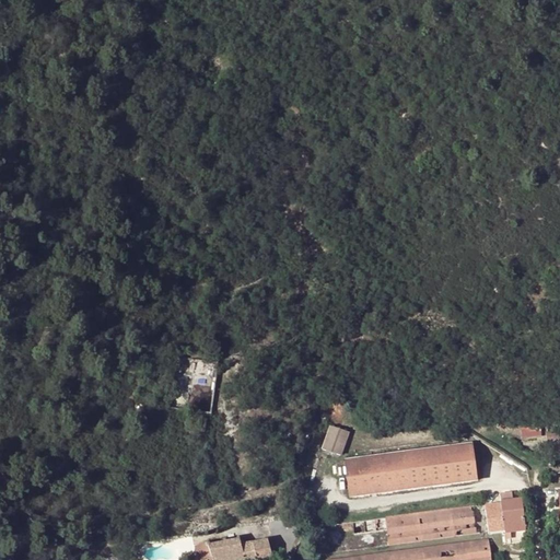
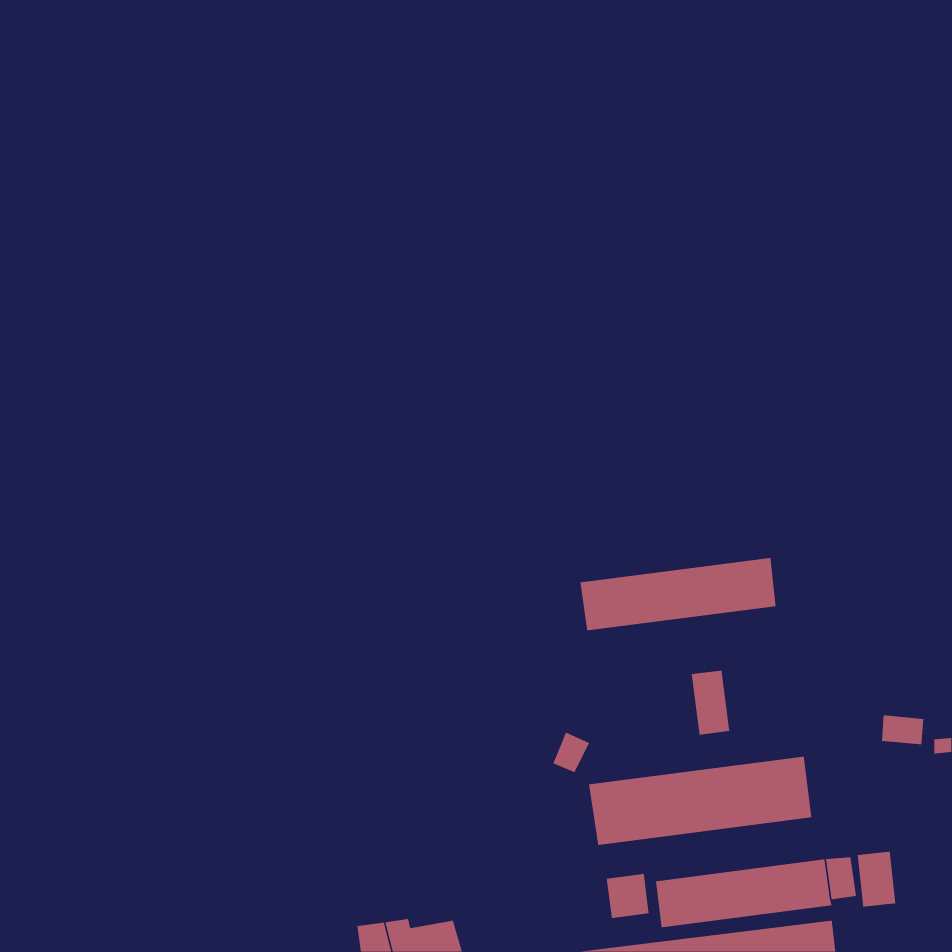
building: none -> [580,557,776,631]
building: none -> [691,670,730,735]
building: none -> [606,873,649,919]

